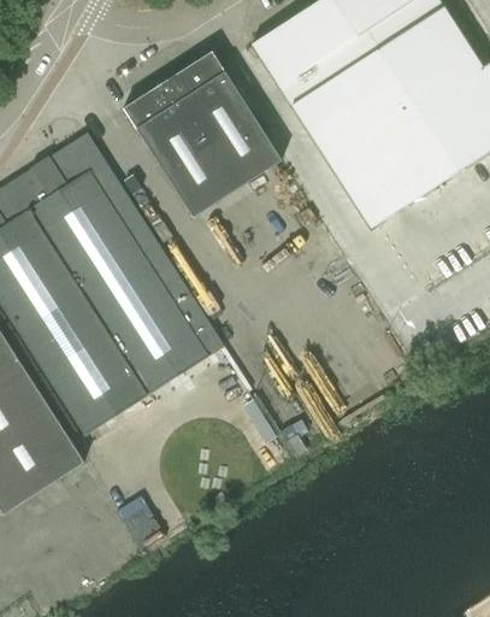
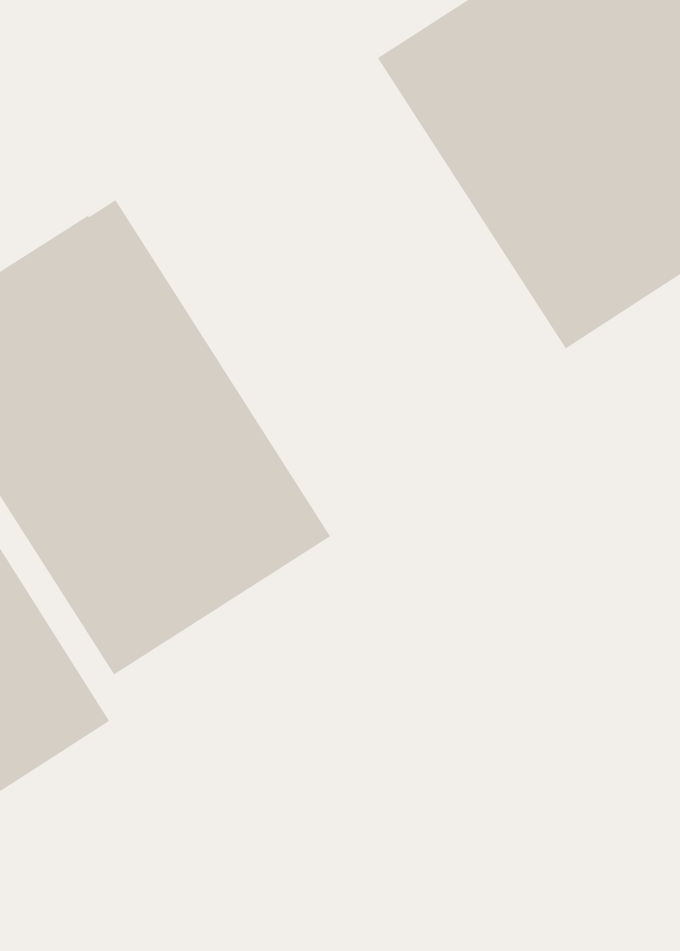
building: [122,49,282,217] -> none

